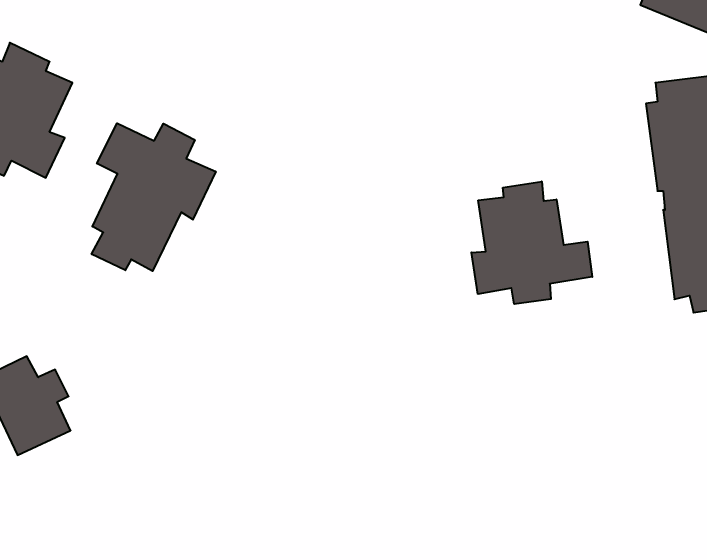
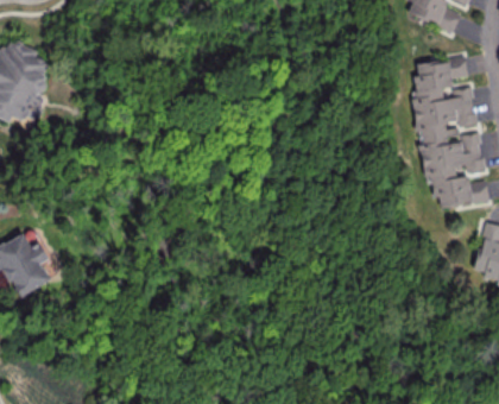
building: [92,123,216,271] -> none
building: [471,181,592,304] -> none

